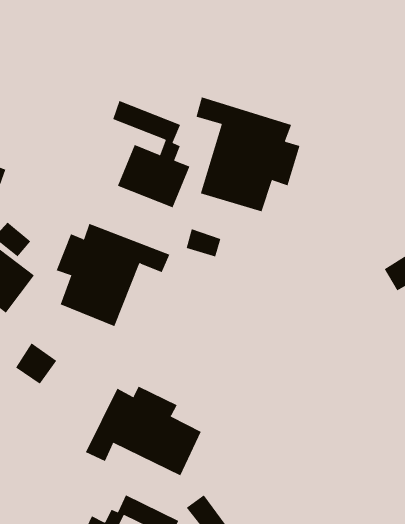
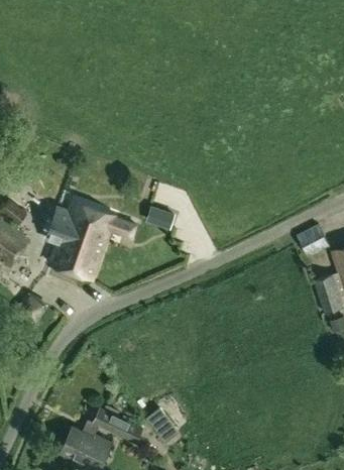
building: [196,96,300,212] -> none
building: [113,100,190,208] -> none
building: [85,386,201,476] -> none

